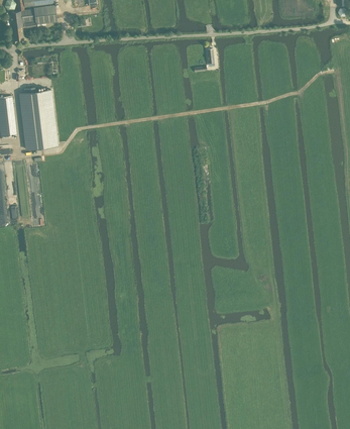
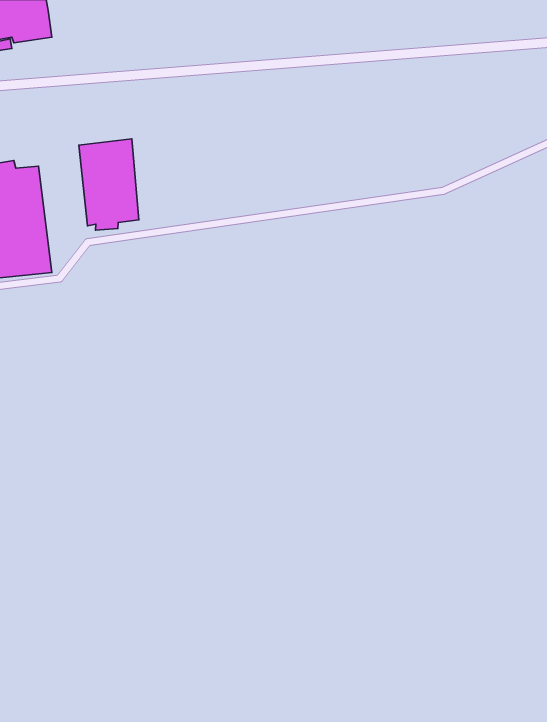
building: none -> [79,139,139,230]

